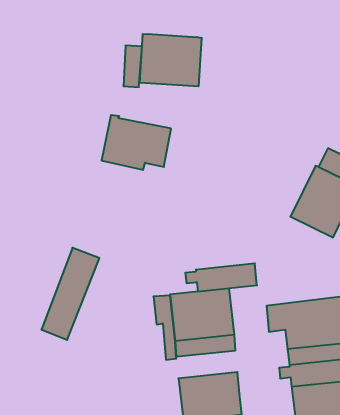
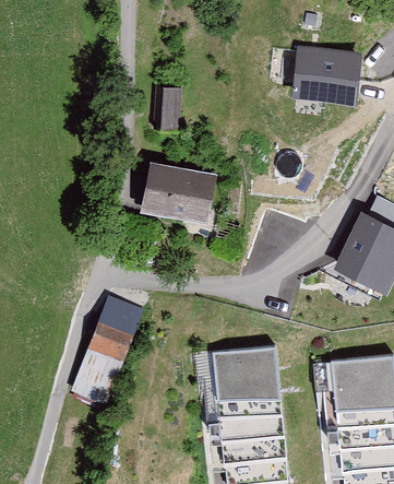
building: none -> [295,51,356,99]
building: [140,34,202,86] -> none
building: [185,263,257,291] -> [206,411,282,440]

